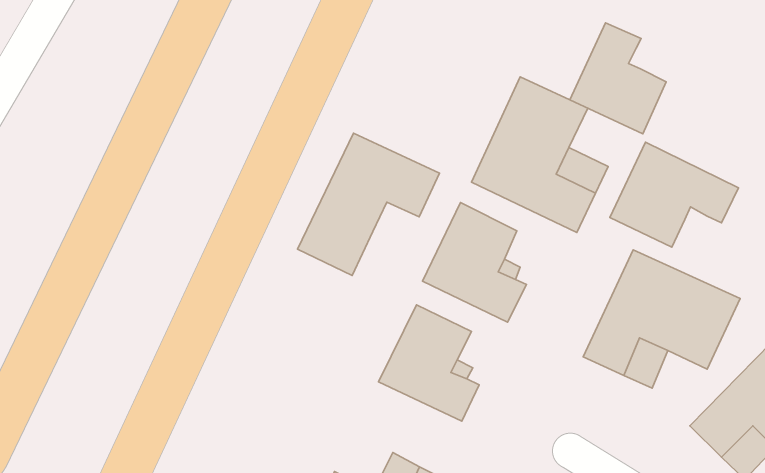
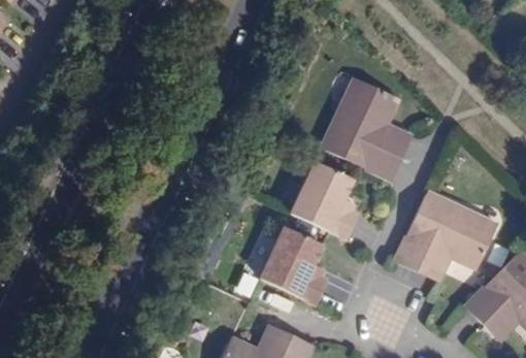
building: [570,23,666,134] -> none
building: [298,133,440,275] -> none
building: [610,142,738,247] -> none

